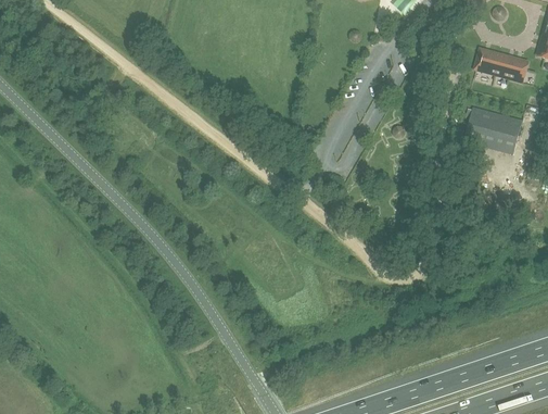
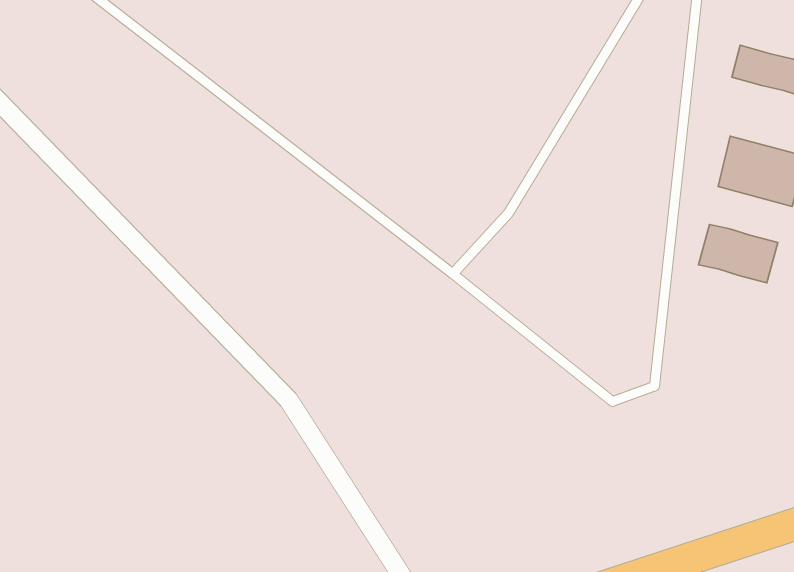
building: none -> [698,225,778,283]

